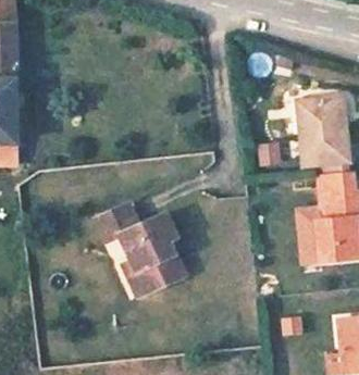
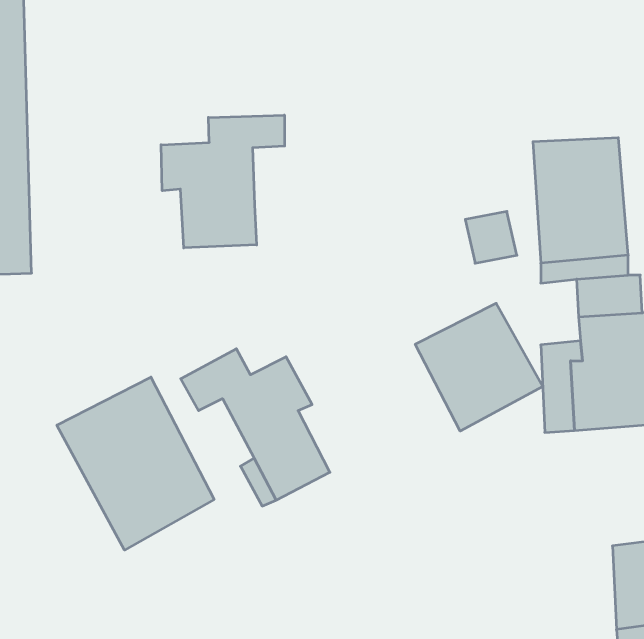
building: none -> [161,115,285,248]
building: none -> [415,303,543,431]
building: none -> [57,377,214,550]

